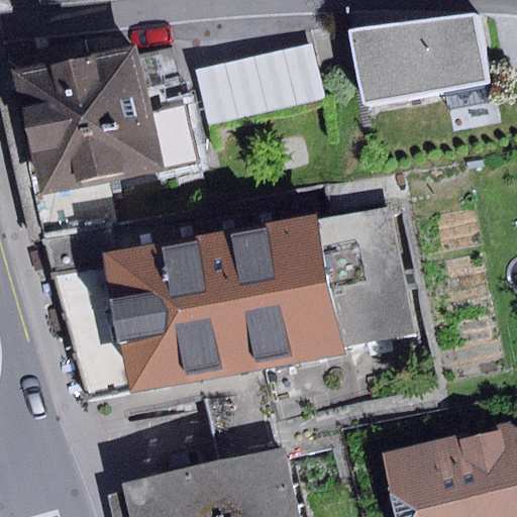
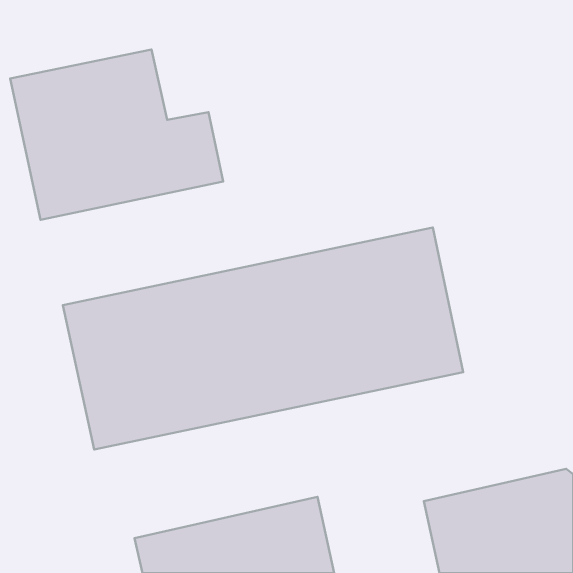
building: [358,14,493,107] -> none
building: [202,35,331,120] -> none

